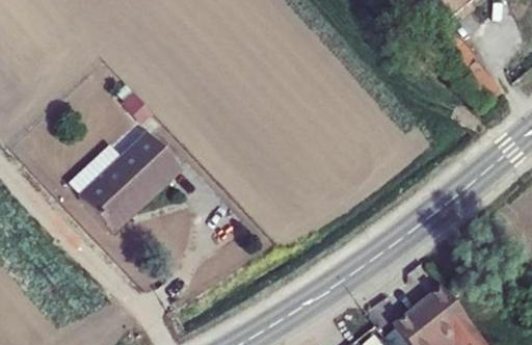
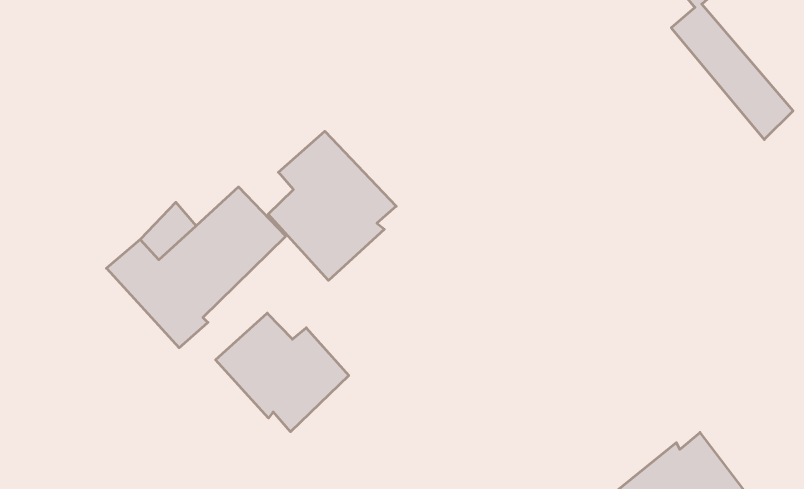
building: none -> [268,131,396,280]
building: none -> [216,313,349,432]

